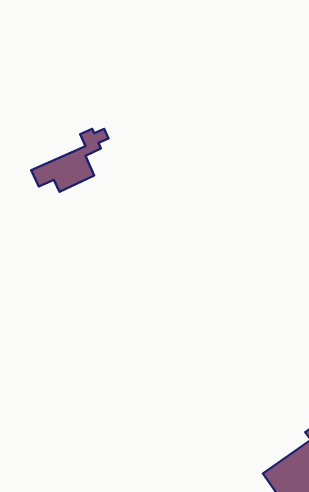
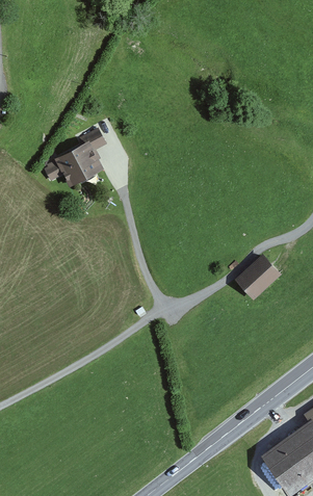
building: none -> [234,257,279,302]

